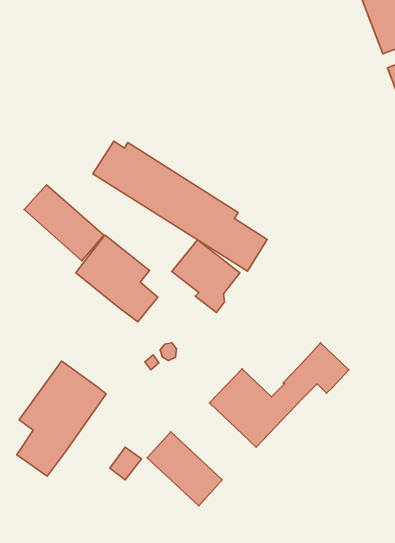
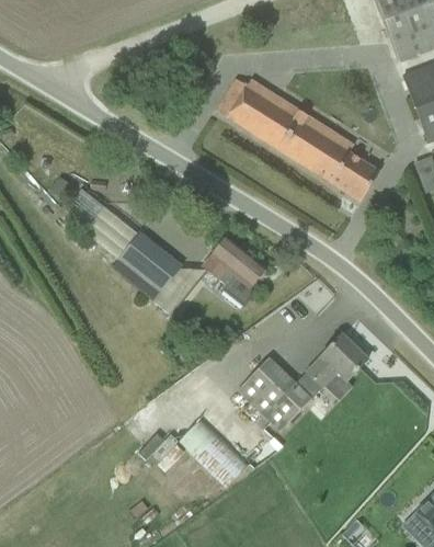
building: [93,141,267,271] -> [217,78,380,200]
building: [17,361,106,476] -> none

